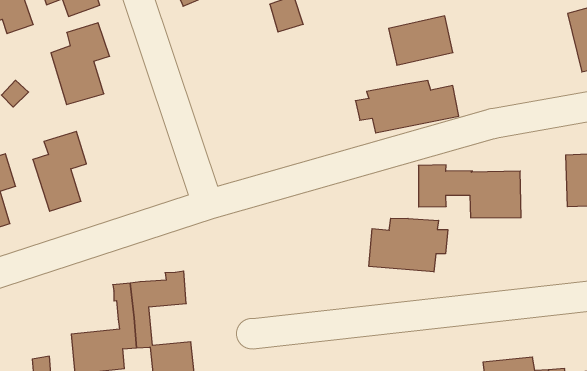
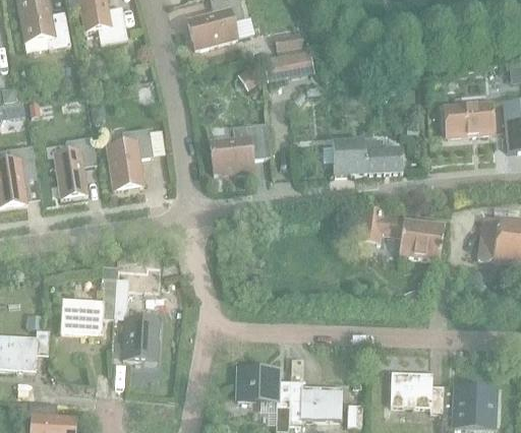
building: [389,16,453,65] -> [444,103,493,136]
building: [51,23,110,105] -> [106,127,153,189]
building: none -> [209,123,270,173]
building: [369,218,448,272] -> none

